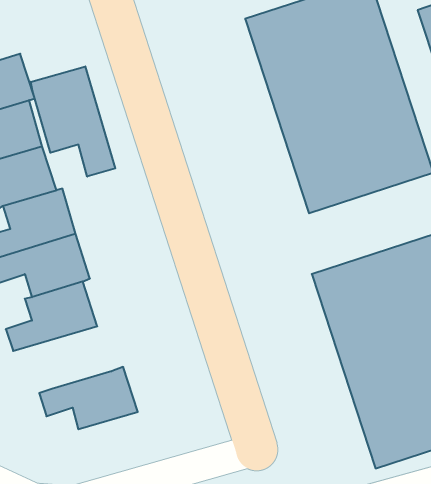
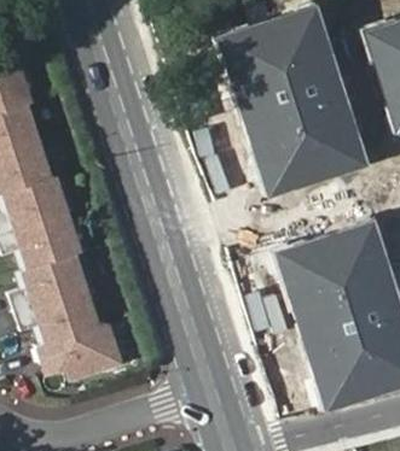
building: [31,66,115,177] -> none
building: none -> [18,293,100,345]

